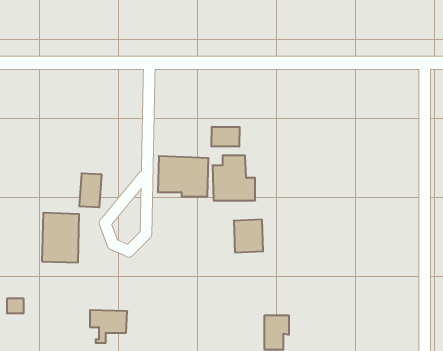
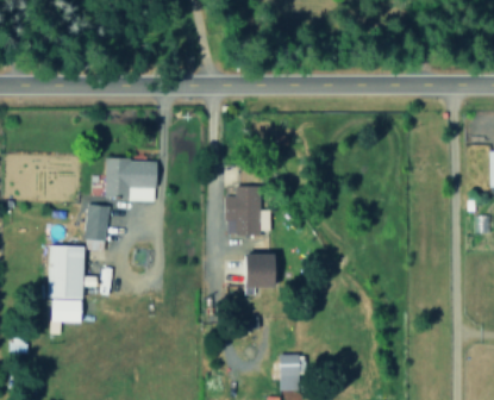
building: [212,127,239,147] -> none
building: [158,156,209,197] -> [104,158,157,201]
building: [90,310,127,343] -> [43,299,82,333]

